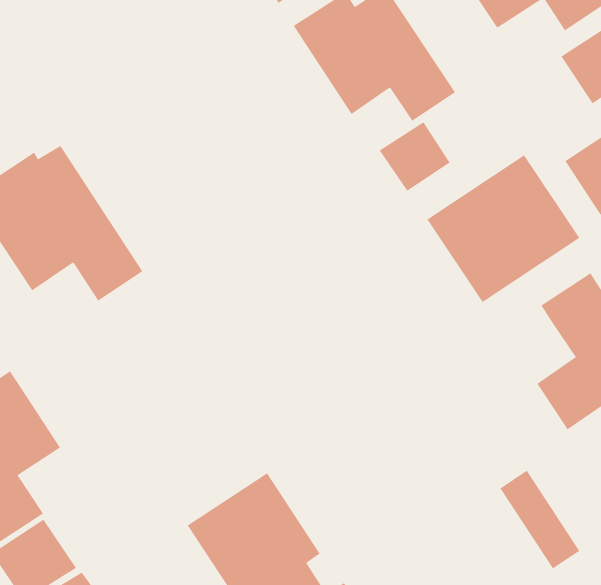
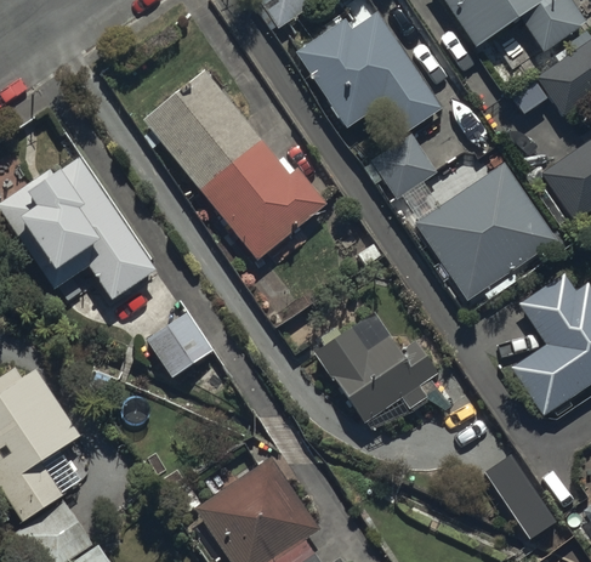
building: none -> [142,68,319,256]
building: none -> [148,312,215,379]
building: none -> [316,327,439,424]

